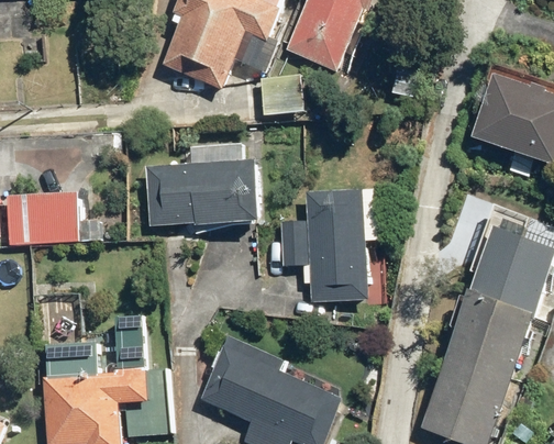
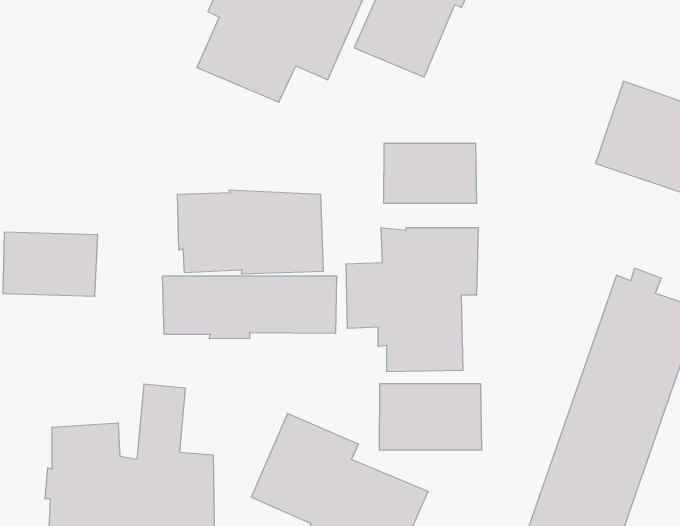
building: none -> [384,143,476,204]
building: none -> [163,276,337,339]
building: none -> [379,384,481,450]

